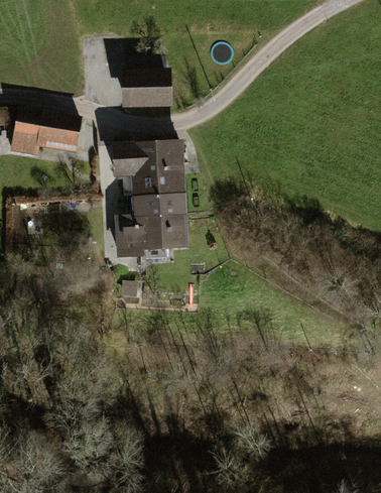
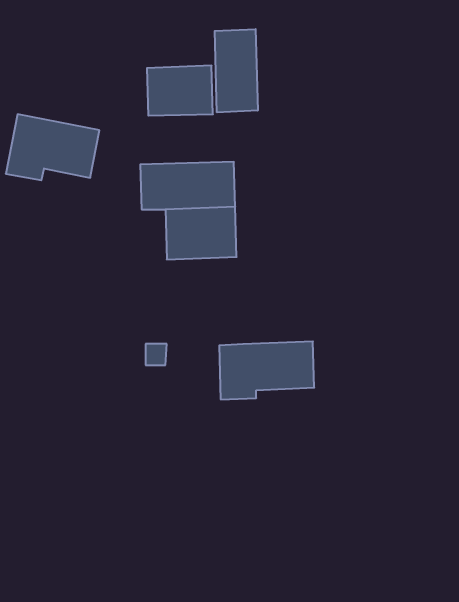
building: none -> [215,29,258,112]
building: [115,214,187,258] -> [219,341,314,399]

